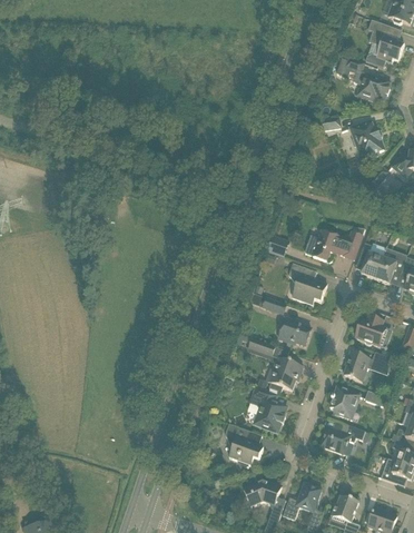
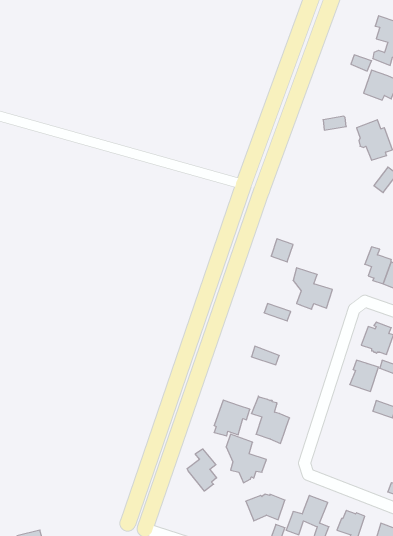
building: [305,229,363,260] -> none
building: [278,316,312,345] -> none
building: [269,356,304,391] -> [214,400,250,436]
building: [331,386,362,418] -> none
building: [321,424,365,452] -> none
building: none -> [187,449,217,491]

